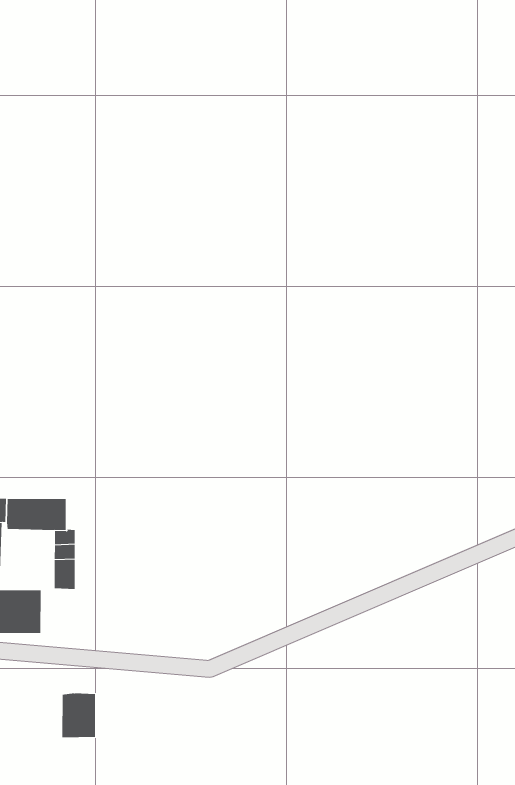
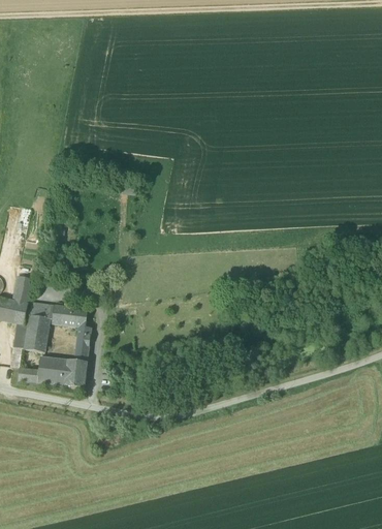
building: [62,693,96,738] -> [64,360,87,386]

